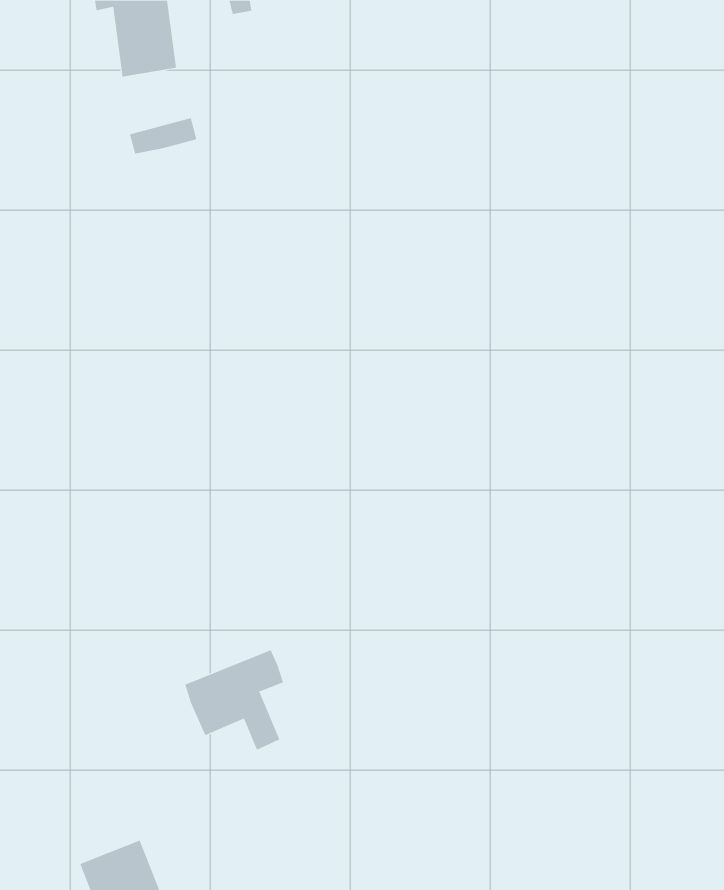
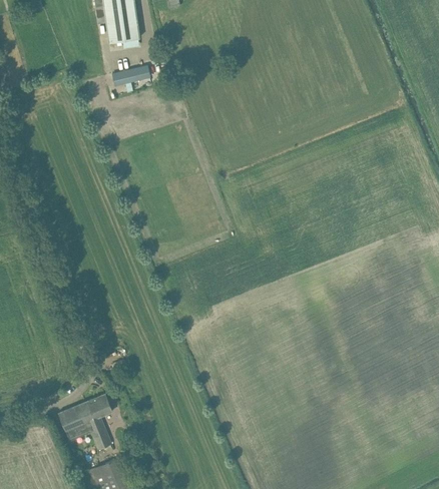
building: [185,649,284,751] -> [59,393,113,448]

